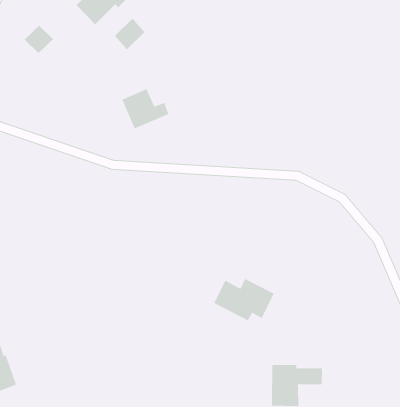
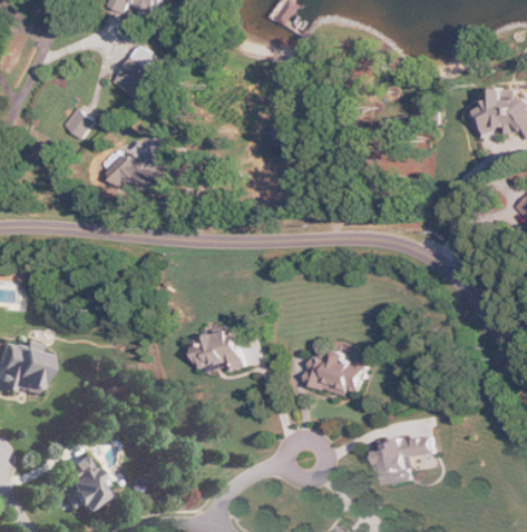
building: [114,18,145,50] -> none
building: [122,88,169,129] -> [104,152,157,198]
building: none -> [191,327,244,372]

